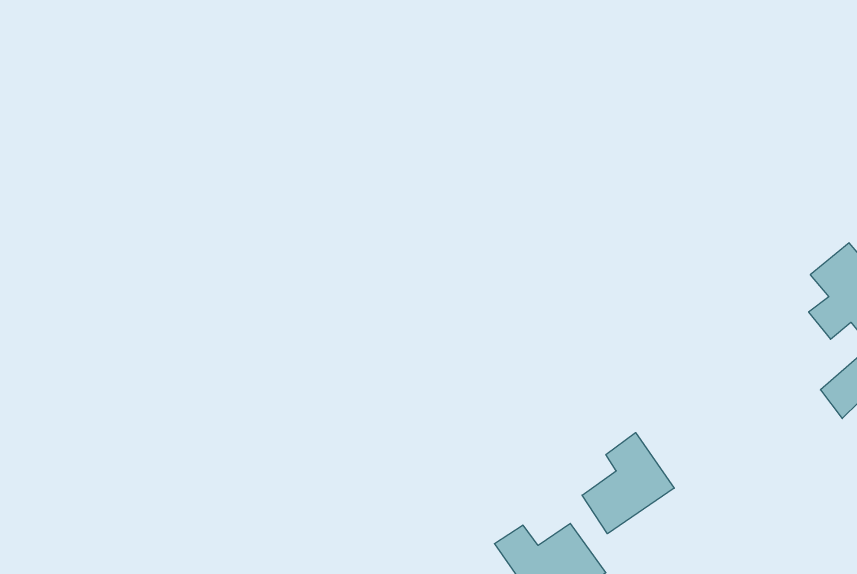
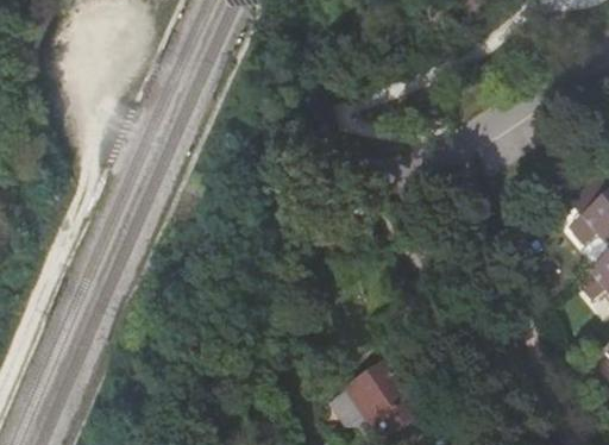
building: [582,433,674,534] -> none

